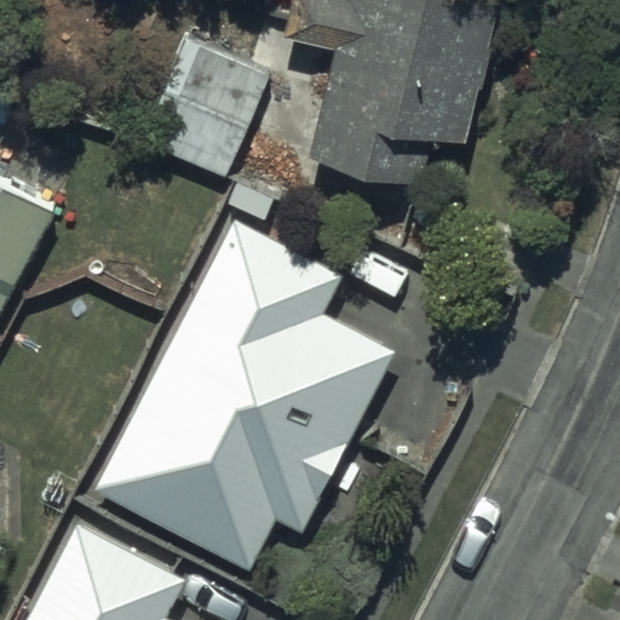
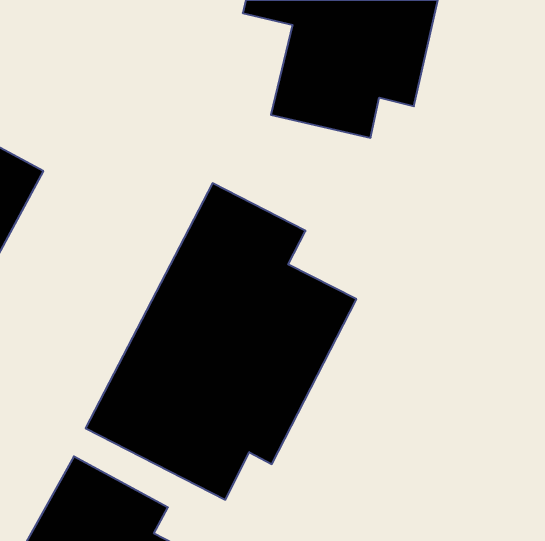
building: [122,34,258,172] -> none

